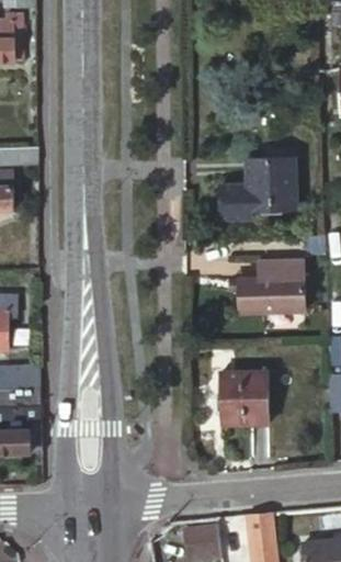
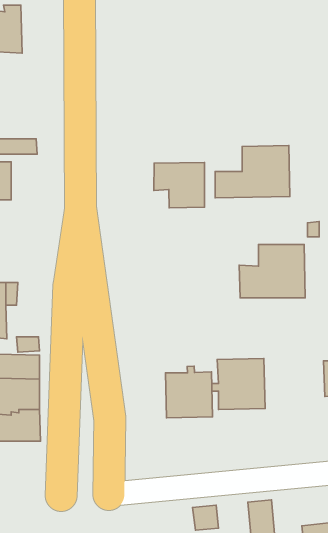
building: none -> [154,162,205,208]
building: none -> [166,366,212,418]

